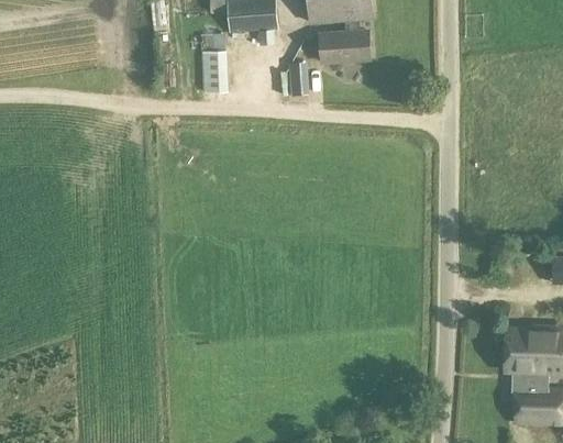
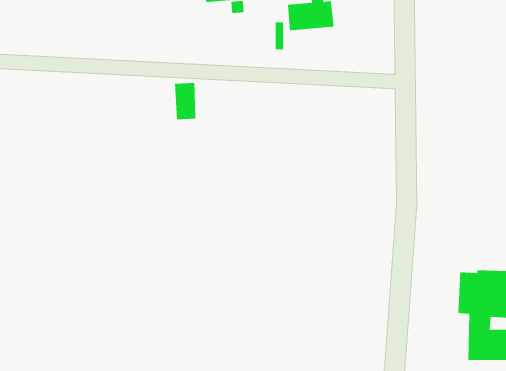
building: [201,52,225,92] -> [174,82,196,120]

